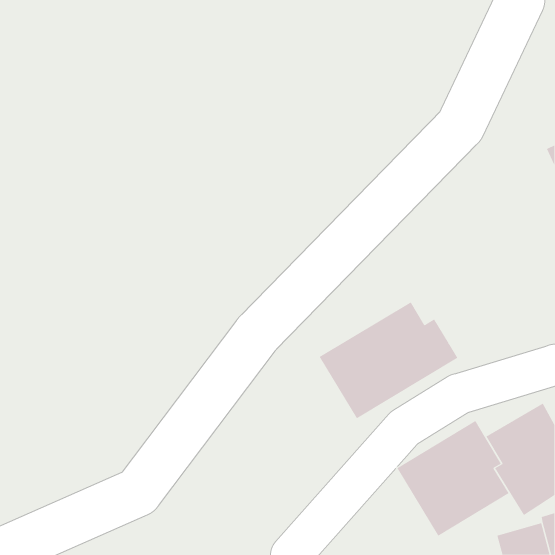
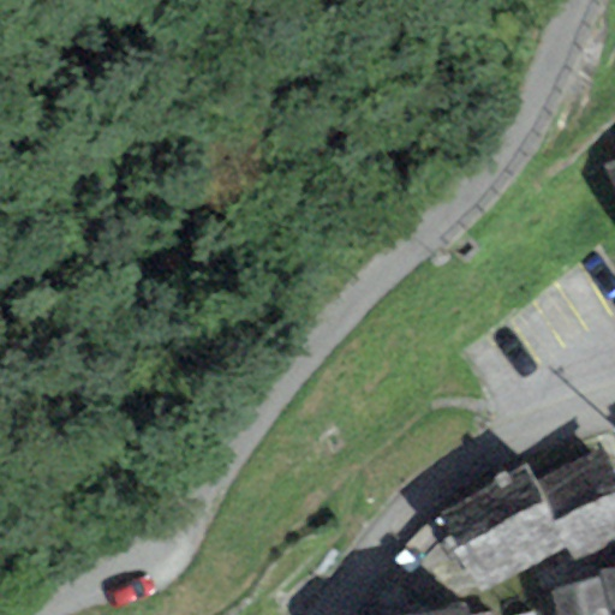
building: [319,301,458,419] -> none

